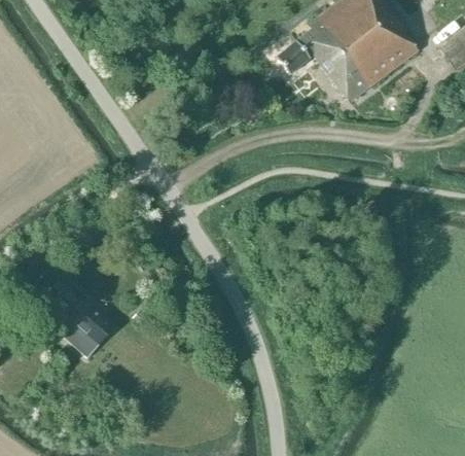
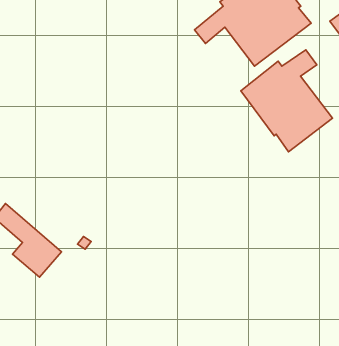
building: none -> [241,50,333,152]

